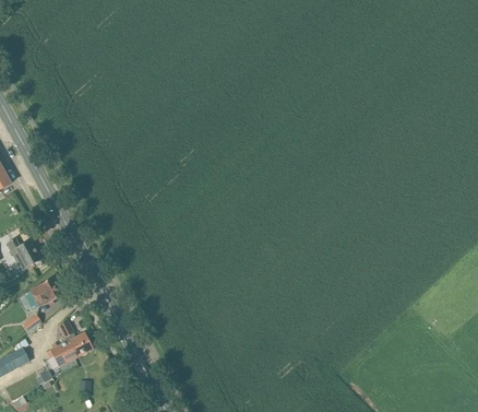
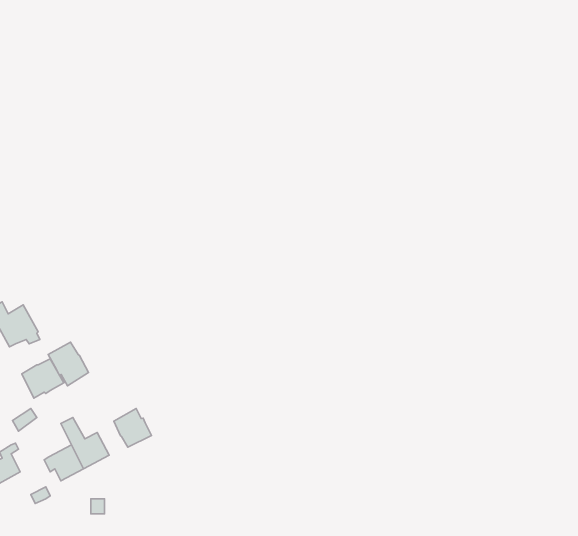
building: none -> [48,342,89,386]
building: none -> [114,409,152,447]

